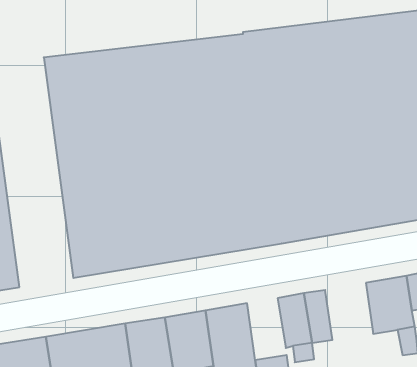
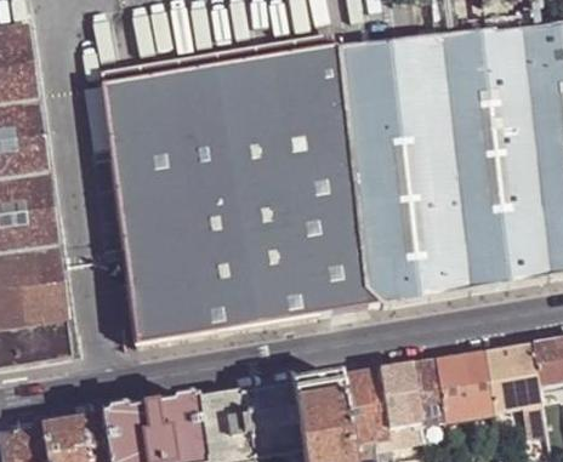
building: none -> [437,349,494,420]
building: none -> [343,367,391,441]

